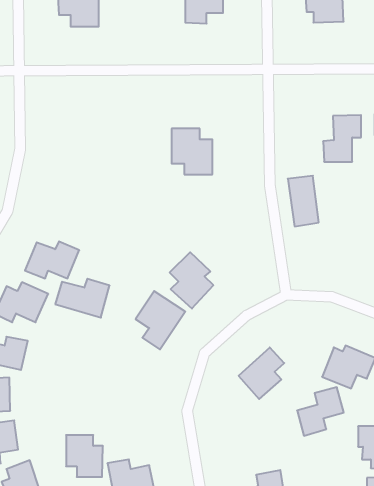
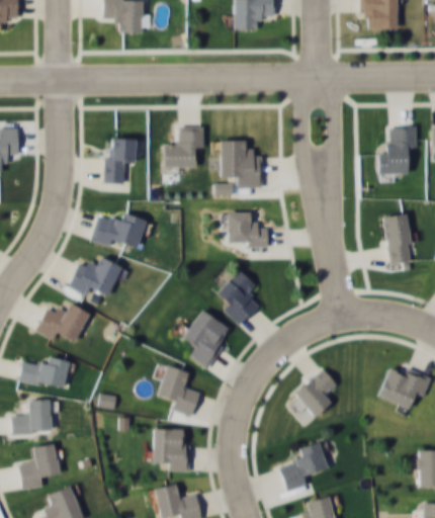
building: none -> [165,126,205,169]
building: none -> [105,137,137,184]
building: [288,176,319,226] -> [382,212,415,265]
building: none -> [228,211,269,248]
building: [55,279,110,318] -> [91,212,148,253]
building: none -> [158,364,203,417]
building: [297,387,344,436] -> [280,441,329,492]
building: [66,435,103,477] -> [154,428,192,471]

